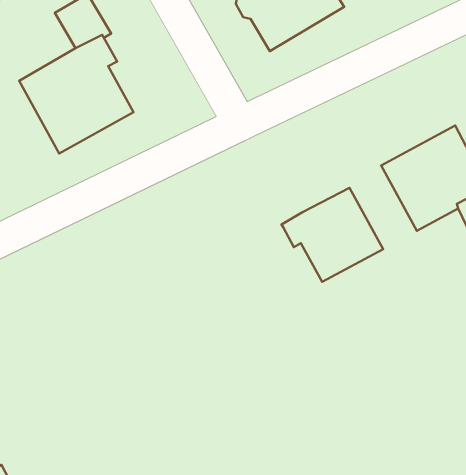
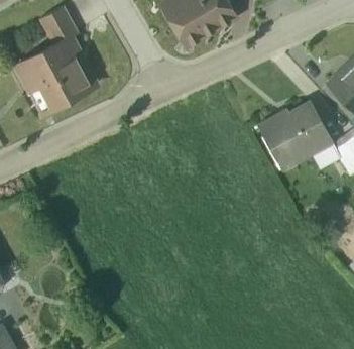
building: [282,188,383,282] -> none

